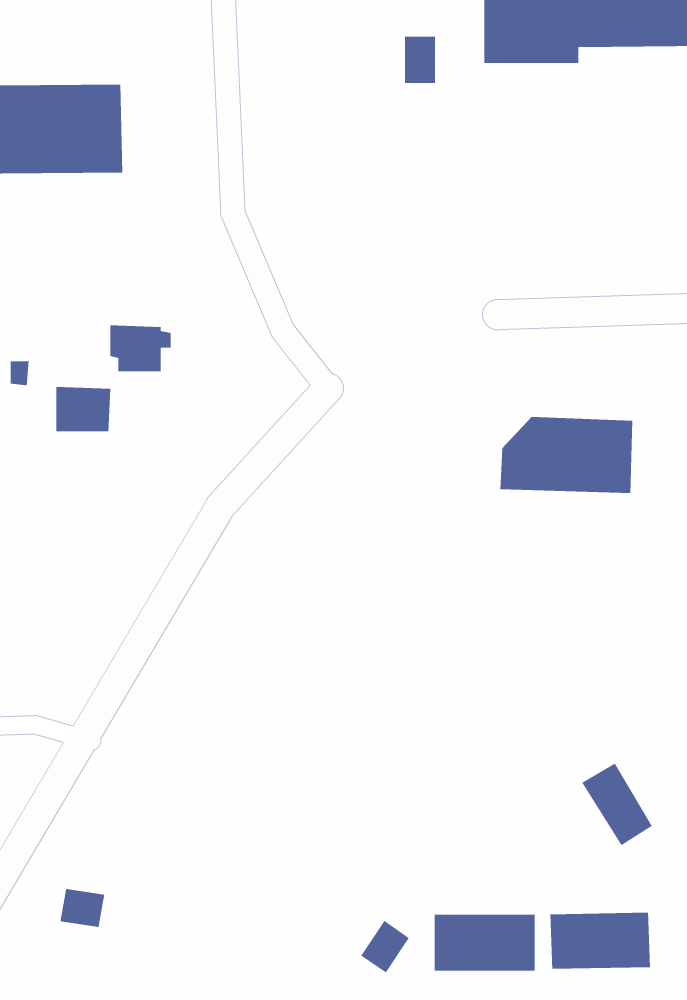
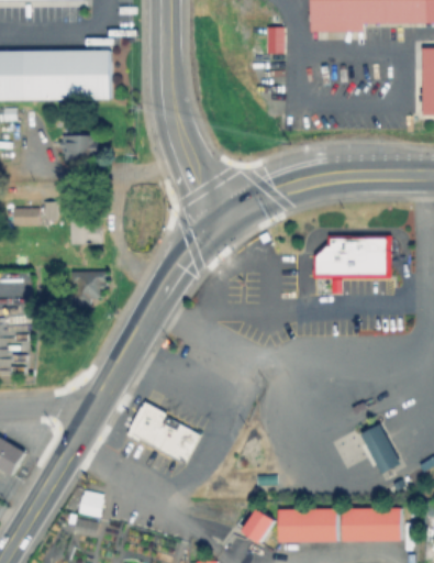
building: [110,325,171,372] -> [65,134,99,161]
building: none -> [66,271,103,302]
building: none -> [131,402,202,463]

